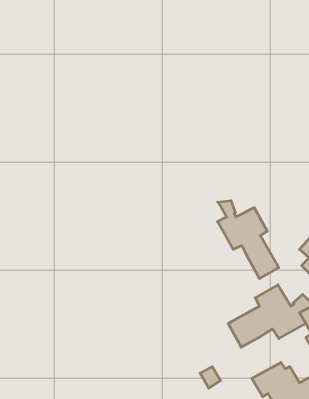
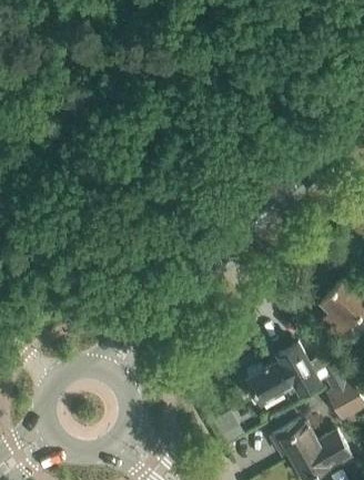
building: [217,201,279,279] -> none

